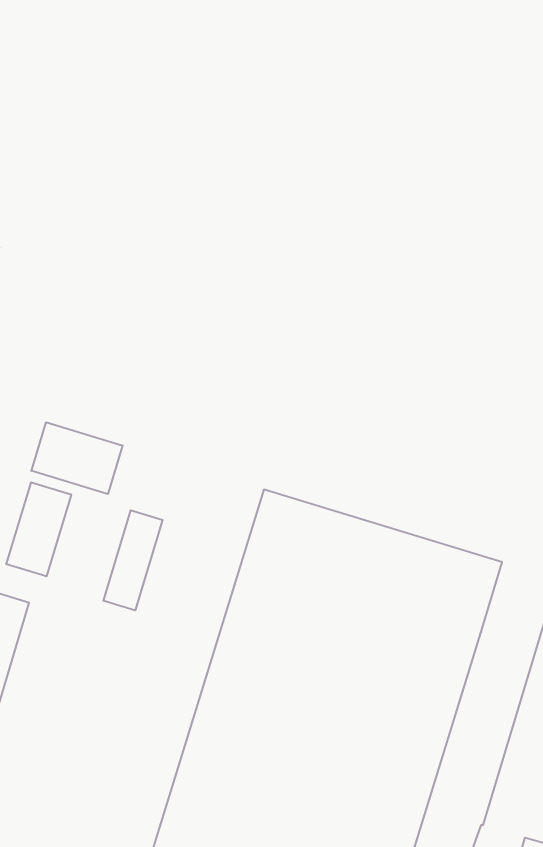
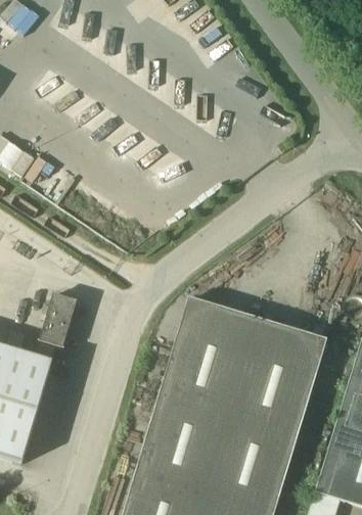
building: [31,422,123,494] -> none
building: [103,510,163,610] -> none

